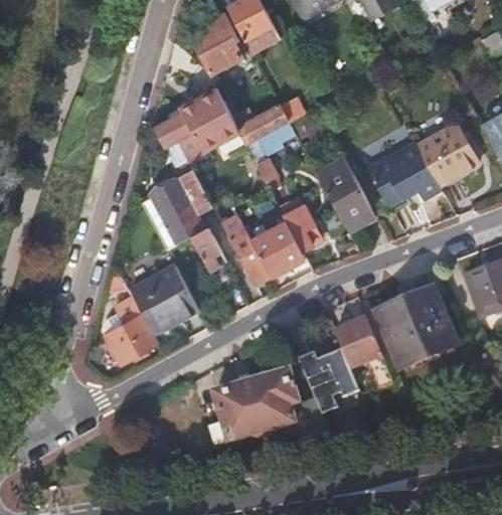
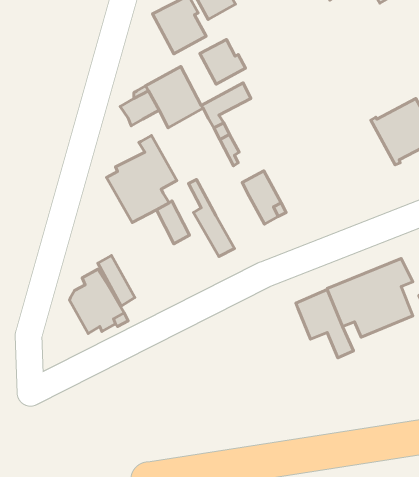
building: none -> [200,40,245,84]
building: [370,143,438,203] -> none
building: [318,158,377,230] -> none
building: [253,221,306,276] -> none
building: [145,266,199,326] -> none
building: [295,337,360,411] -> none
building: [215,371,298,441] -> none

